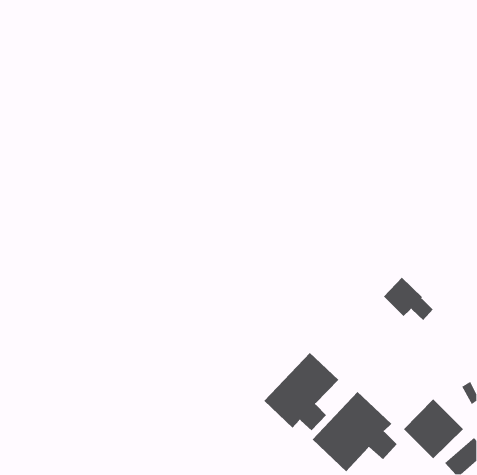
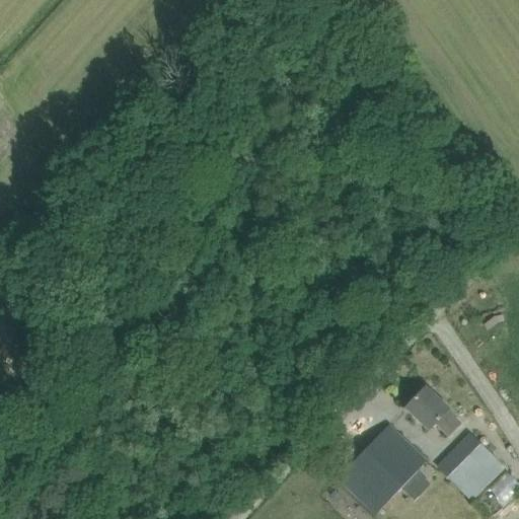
building: [383,277,434,321] -> [405,385,460,433]
building: [263,352,339,431] -> none

